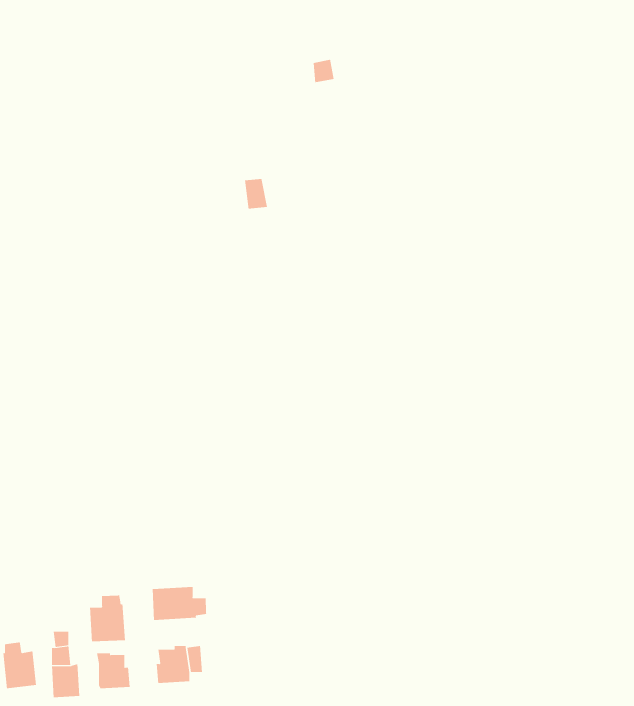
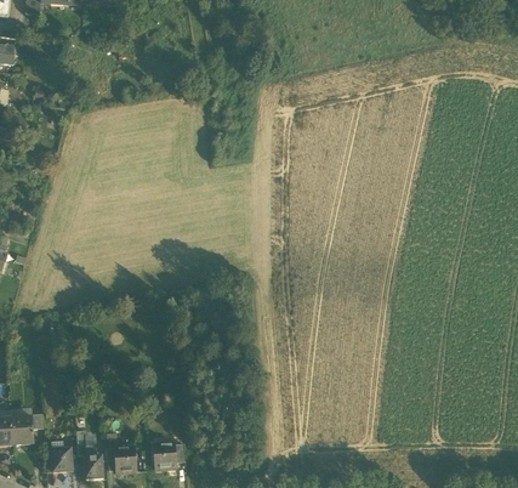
building: [152,586,207,621] -> none
building: [89,595,125,642] -> none

